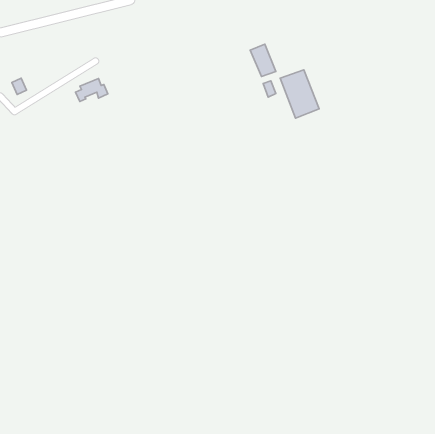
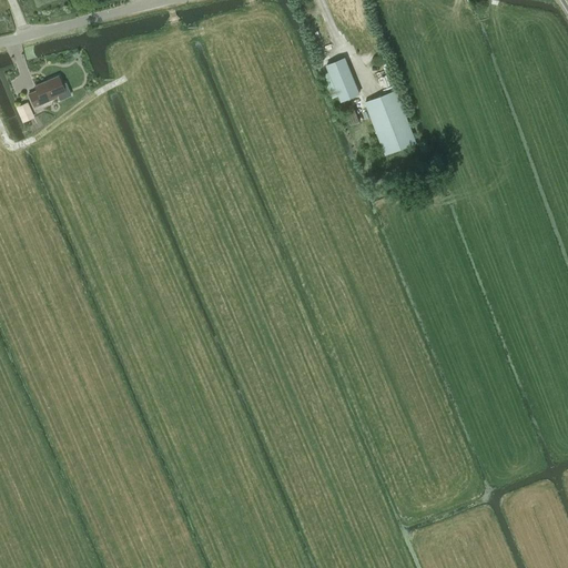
building: [76,79,108,102] -> [29,78,71,108]

